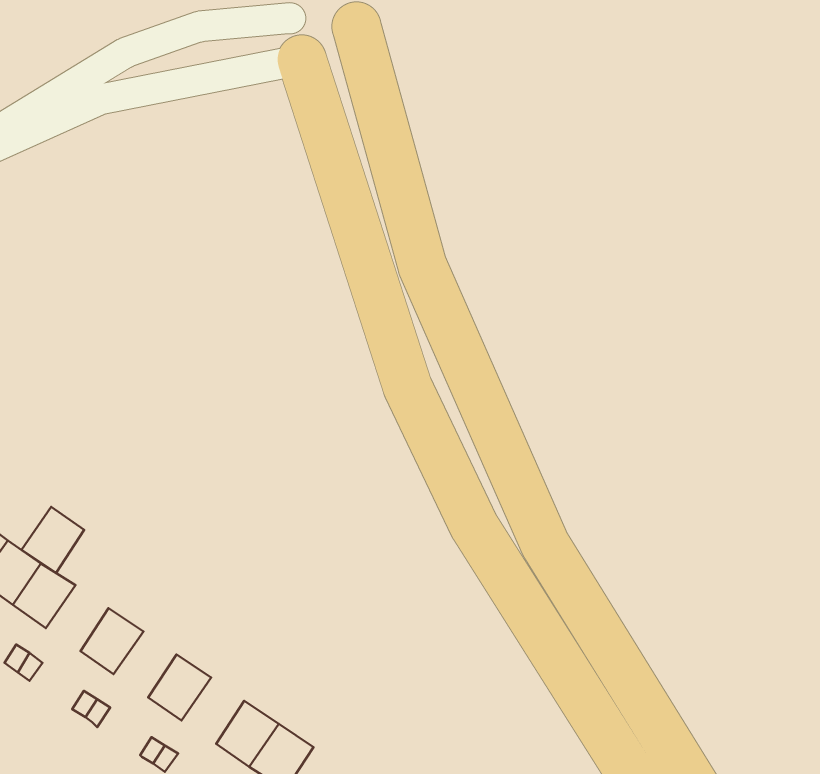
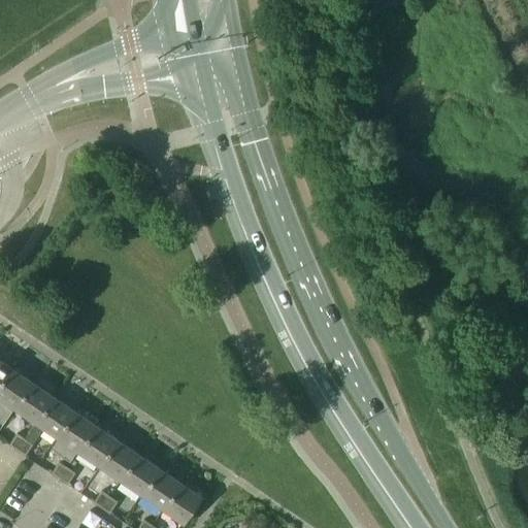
building: [21,507,84,573] -> [35,397,74,438]
building: none -> [77,426,117,467]
building: none -> [120,455,159,496]

